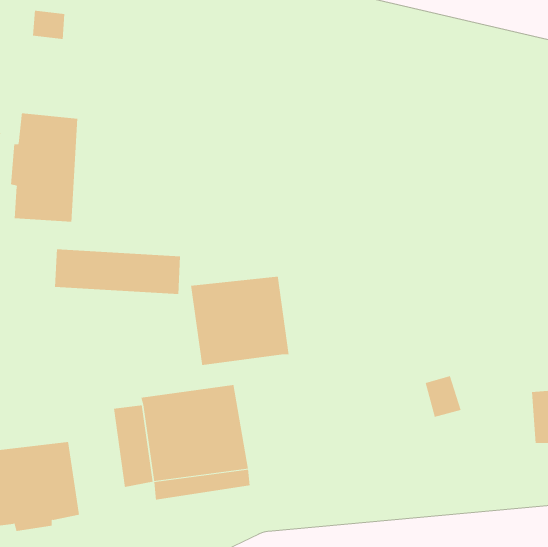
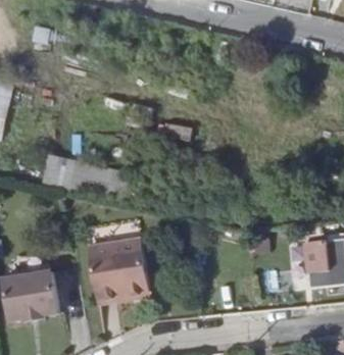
building: [11,112,78,222] -> none
building: [190,276,289,366] -> none

